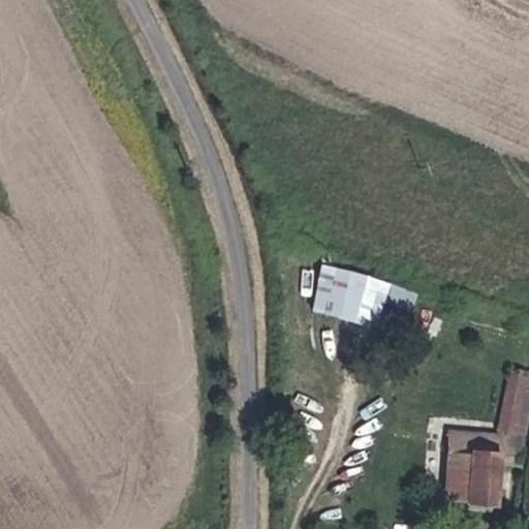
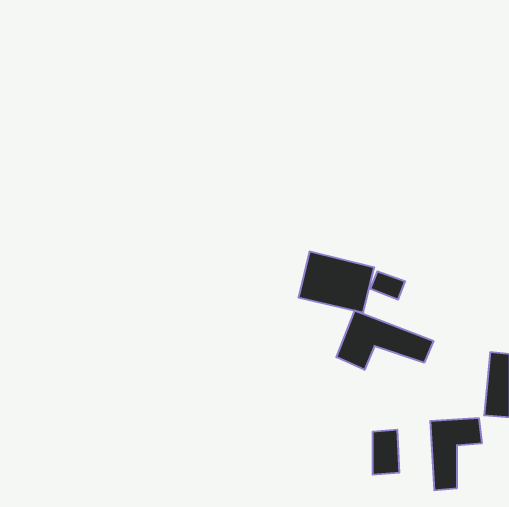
building: none -> [336,310,433,370]
building: [474,462,502,508] -> [373,430,399,475]

